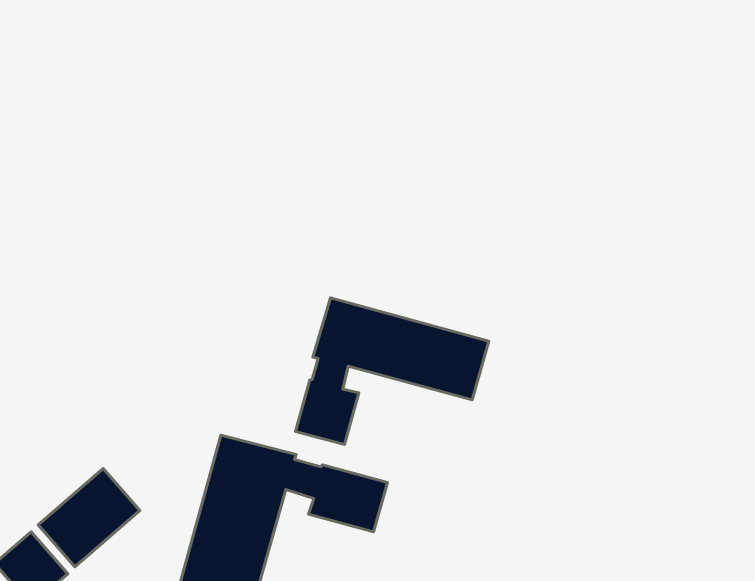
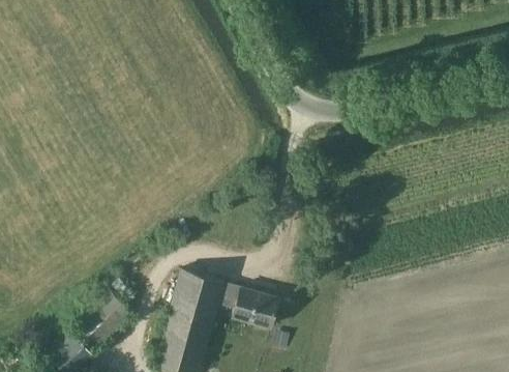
building: [295,298,489,445] -> none

